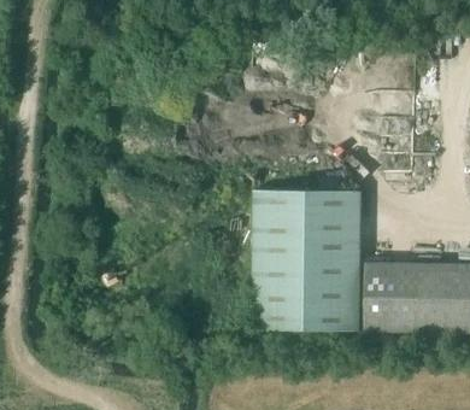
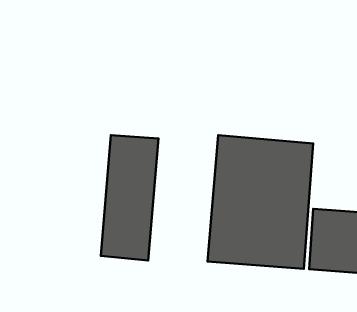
building: none -> [101,135,158,260]

